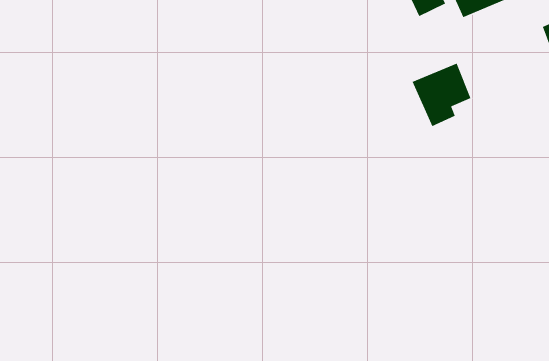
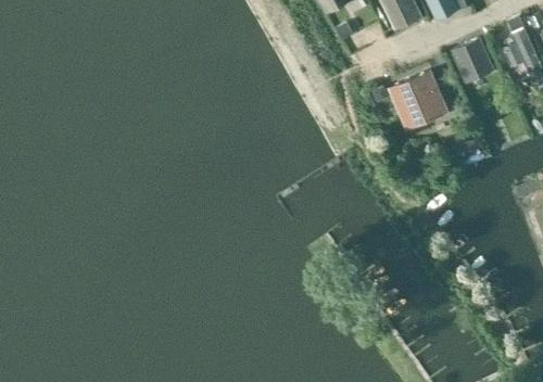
building: none -> [453,40,492,82]

